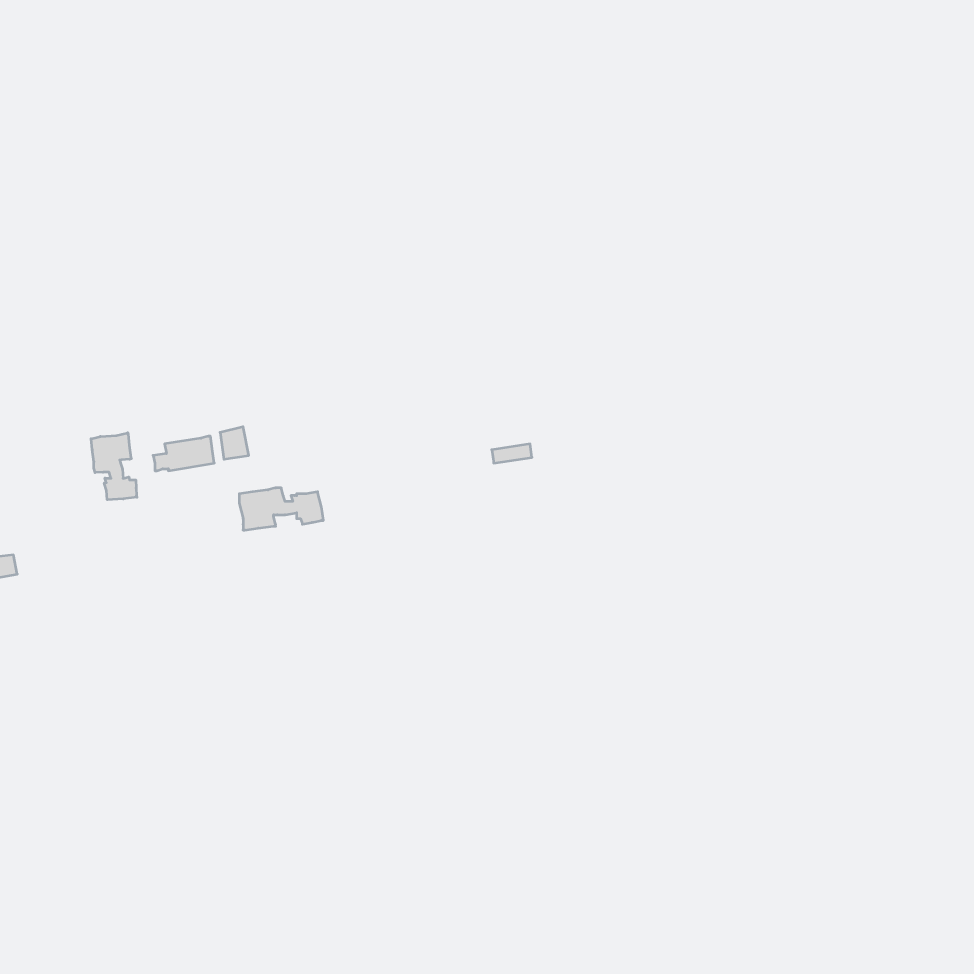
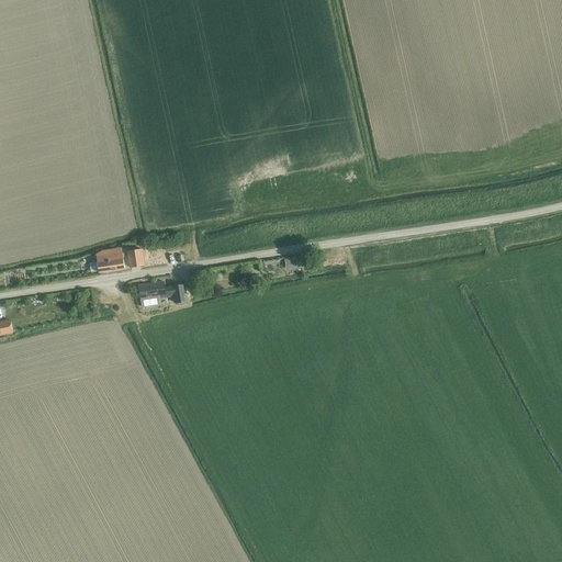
building: [91,433,137,500] -> none

